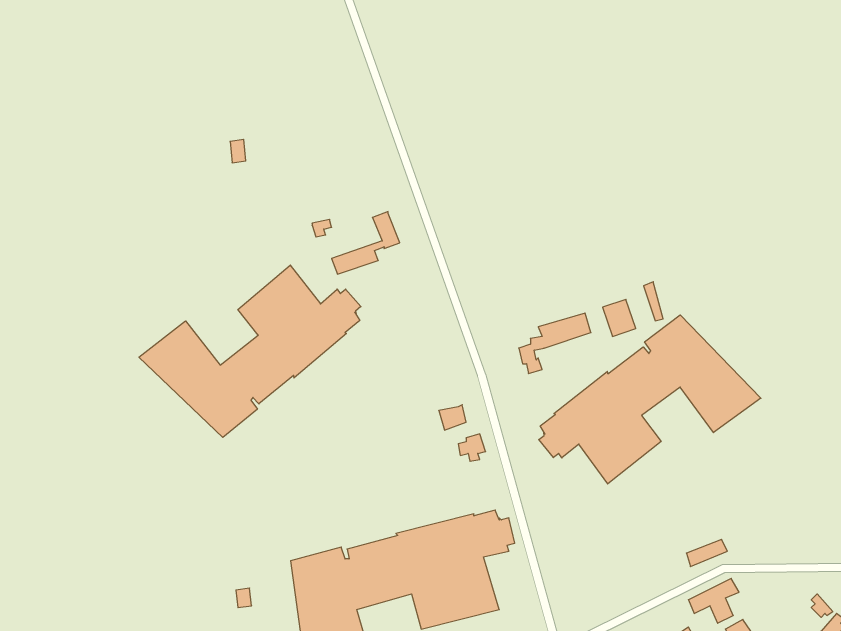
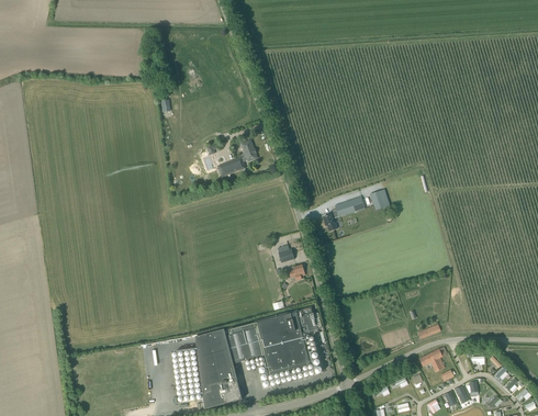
building: [139,265,361,437] -> none
building: [539,315,761,484] -> none

